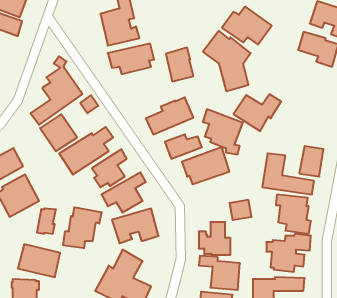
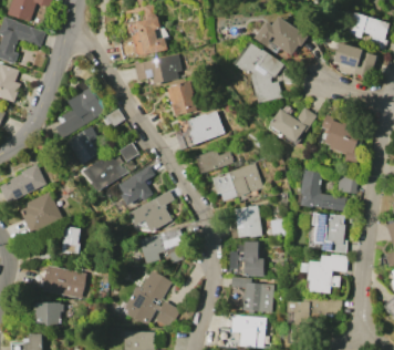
building: [166,48,193,81] -> [169,81,198,116]
building: [203,109,243,154] -> [321,114,363,162]
building: none -> [229,205,261,239]
building: [63,207,101,248] -> none

